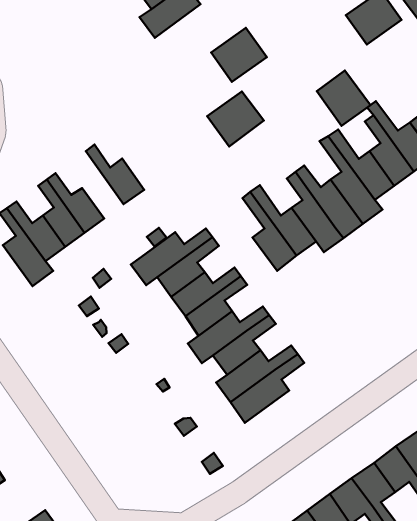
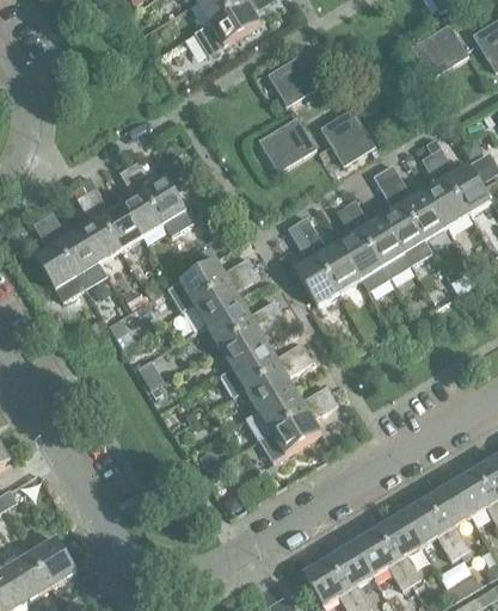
building: [317,70,371,126] -> [320,107,375,165]
building: none -> [119,165,164,236]

